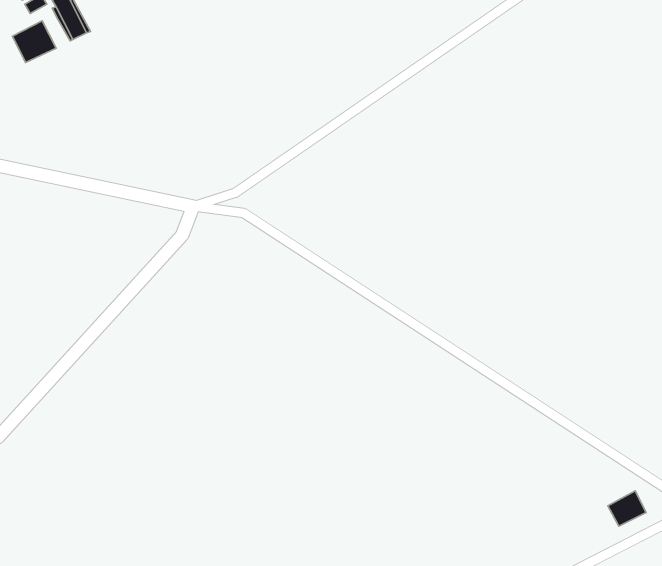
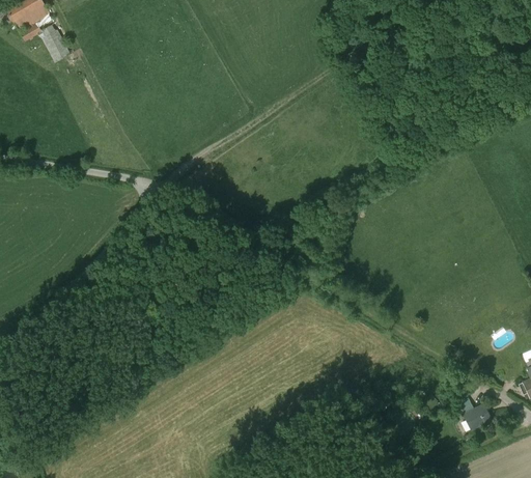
building: [13,21,56,62] -> none

